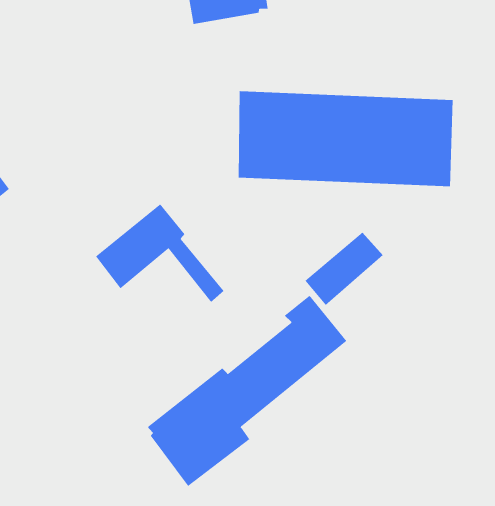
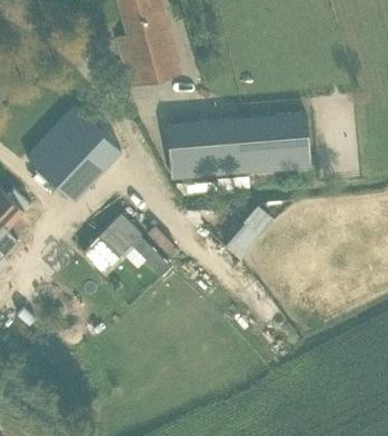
building: none -> [26,106,121,201]
building: [147,295,347,487] -> none

